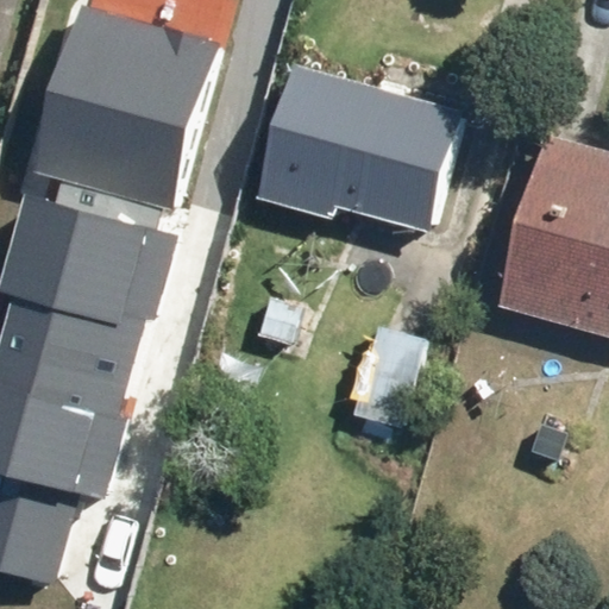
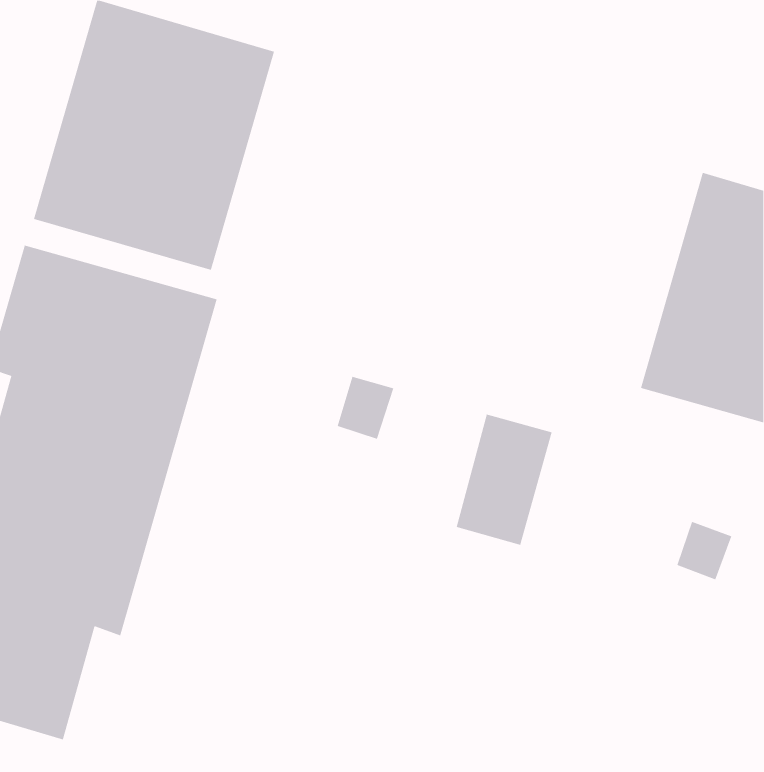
building: [263,65,471,233] -> none

